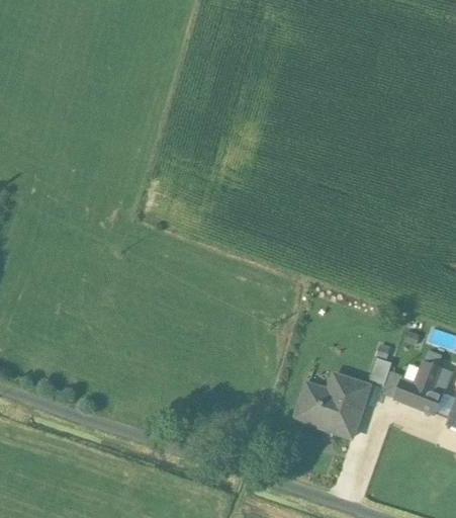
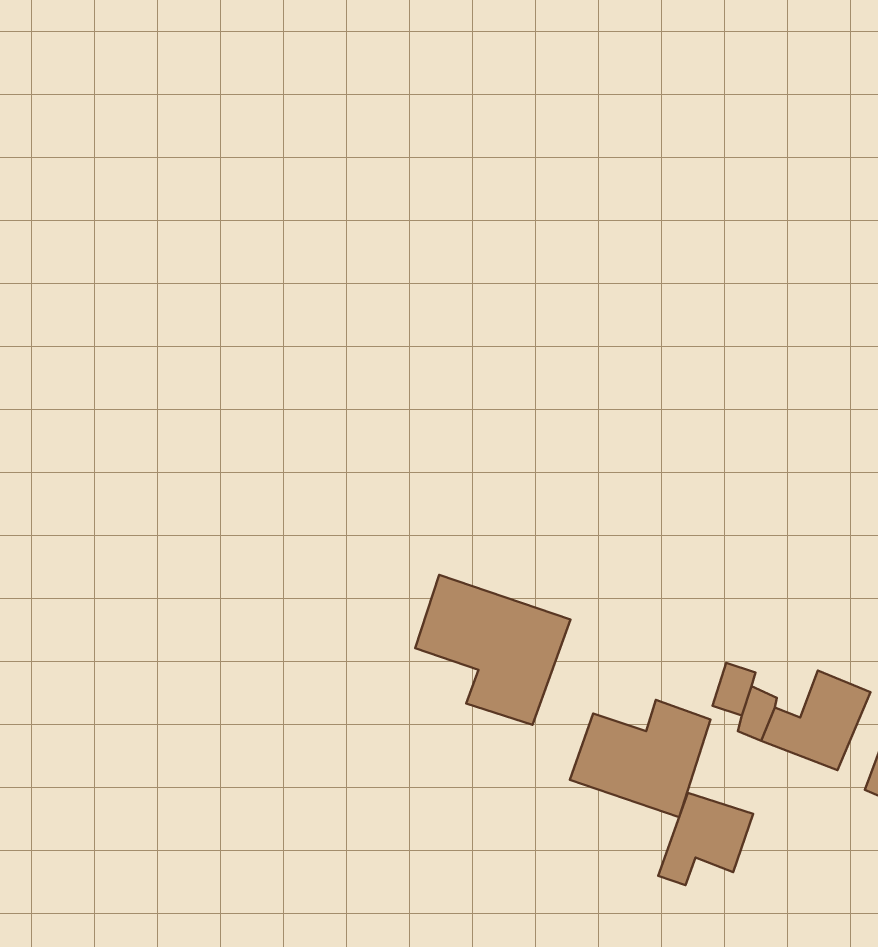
building: none -> [415,575,570,725]
building: none -> [658,793,753,885]

